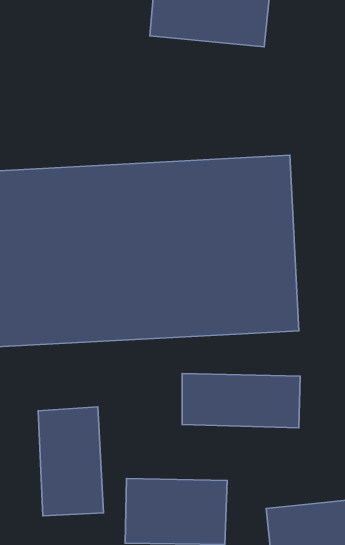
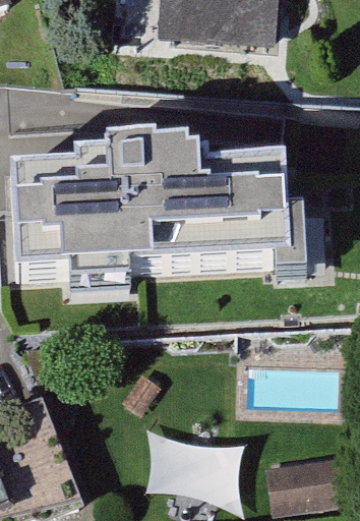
building: [182,374,300,428] -> none
building: [38,407,103,516] -> none

